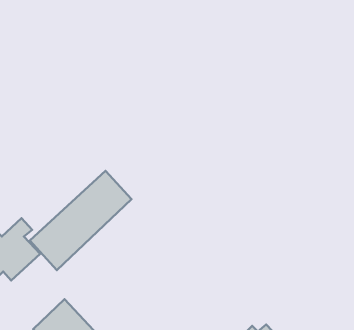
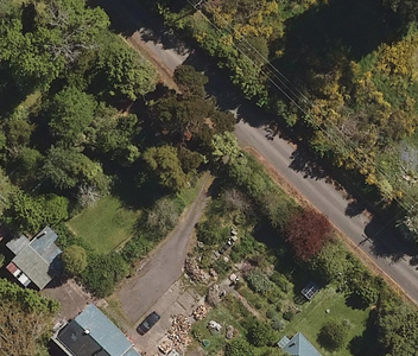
building: [30,171,132,270] -> none

